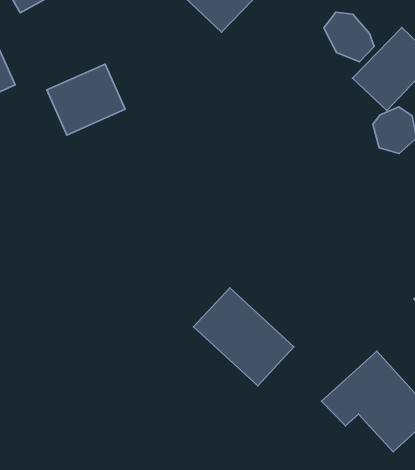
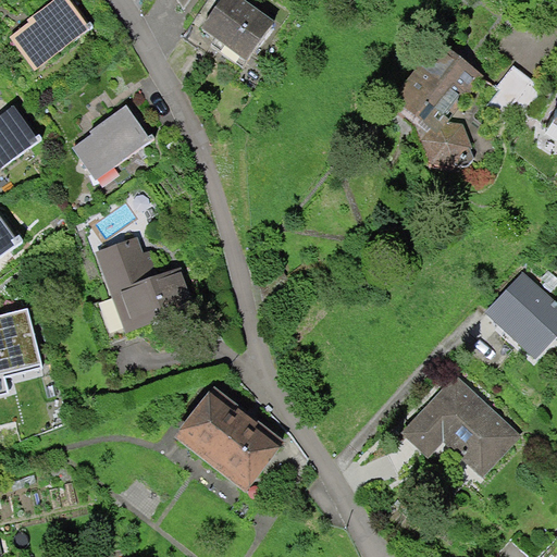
building: [324,12,374,62] -> none
building: none -> [97,243,191,333]
building: [194,288,294,386] -> [180,393,287,492]

